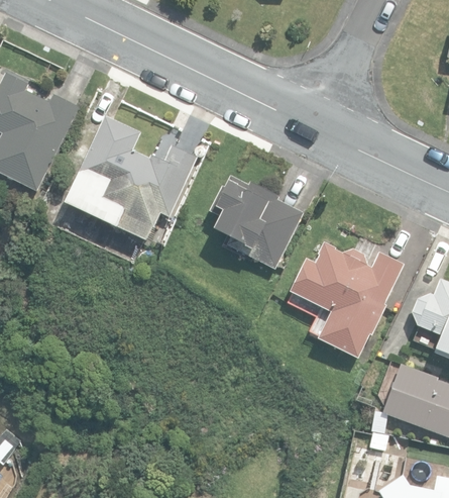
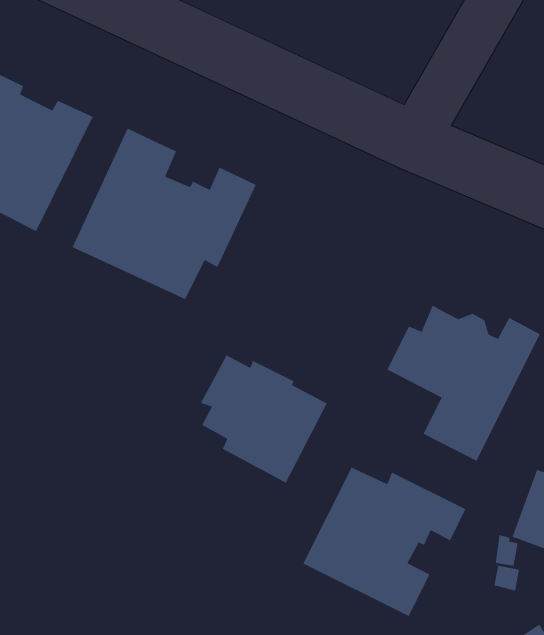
building: [212,177,305,271] -> [200,354,328,484]
building: none -> [302,466,466,617]

